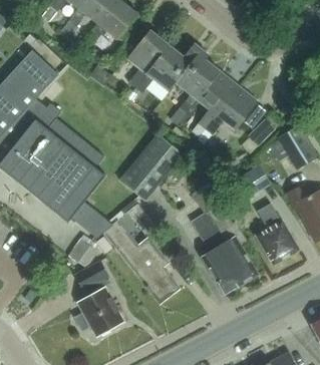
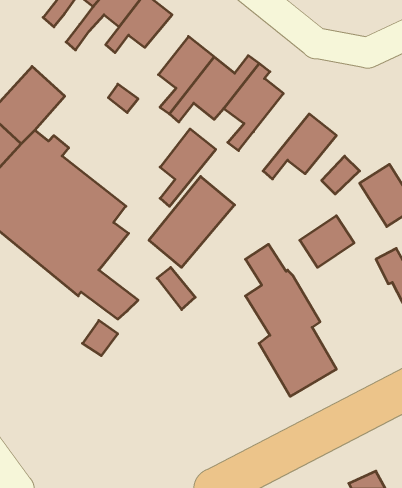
building: [197,71,238,128] -> [160,129,216,206]
building: [256,203,297,264] -> none
building: [103,220,180,299] -> none
building: [74,261,121,335] -> none

